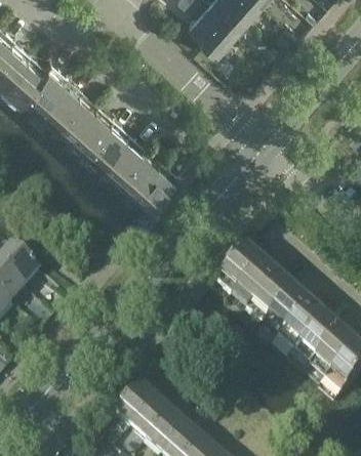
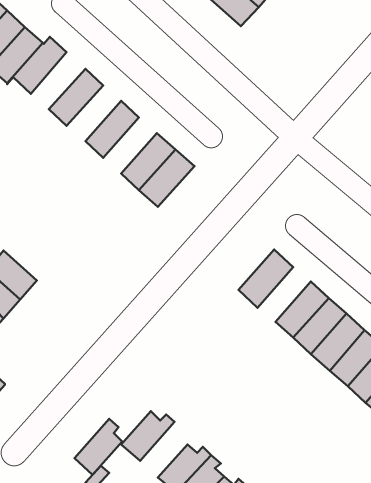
building: [35,76,82,125] -> none
building: [66,105,113,153] -> none
building: [97,132,144,180] -> none
building: [231,261,277,308] -> none
building: [129,395,170,443] -> [75,419,122,475]

